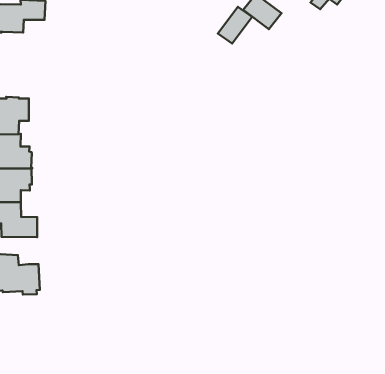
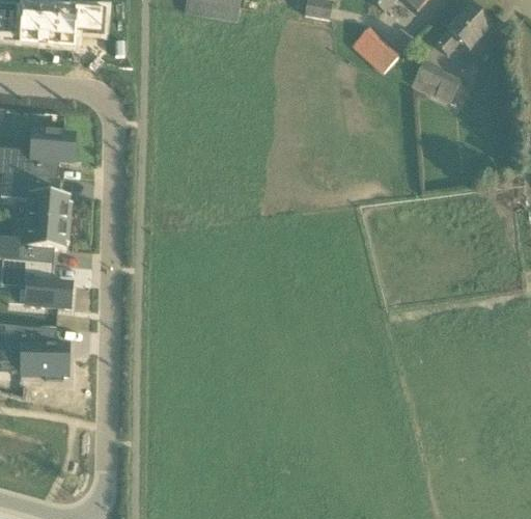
building: [218,7,252,43] -> none
building: none -> [412,59,466,102]

